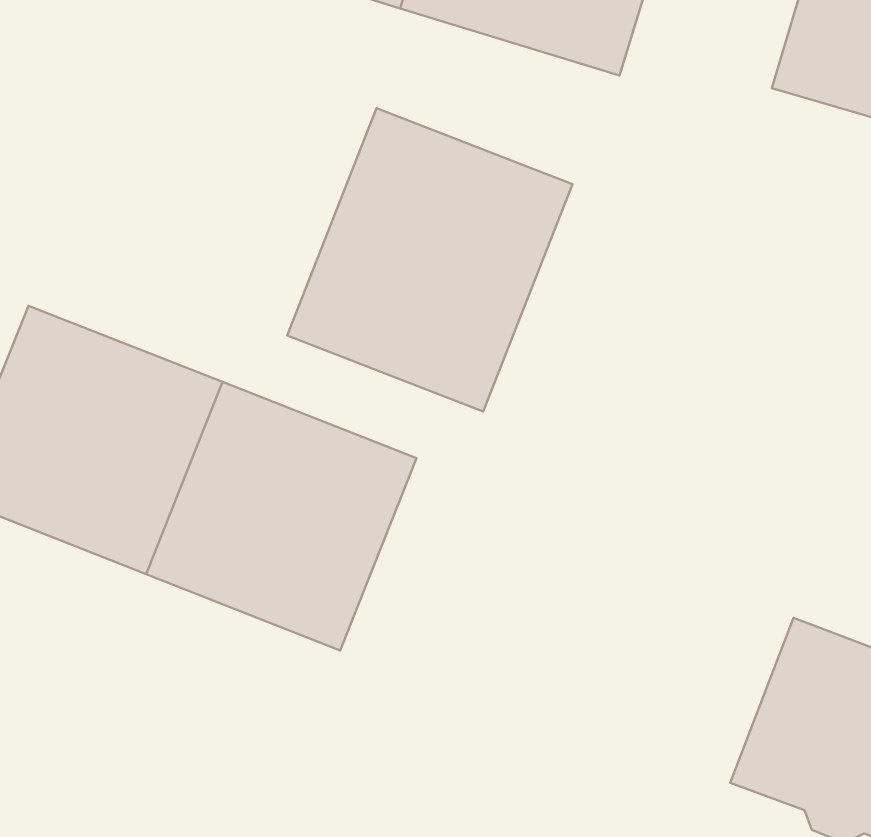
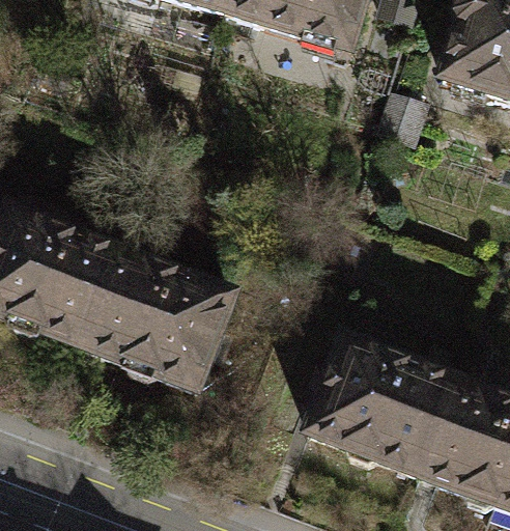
building: [287,108,572,412] -> none
building: none -> [308,333,456,471]

